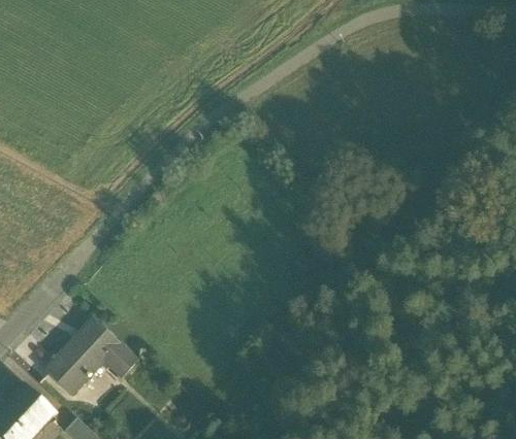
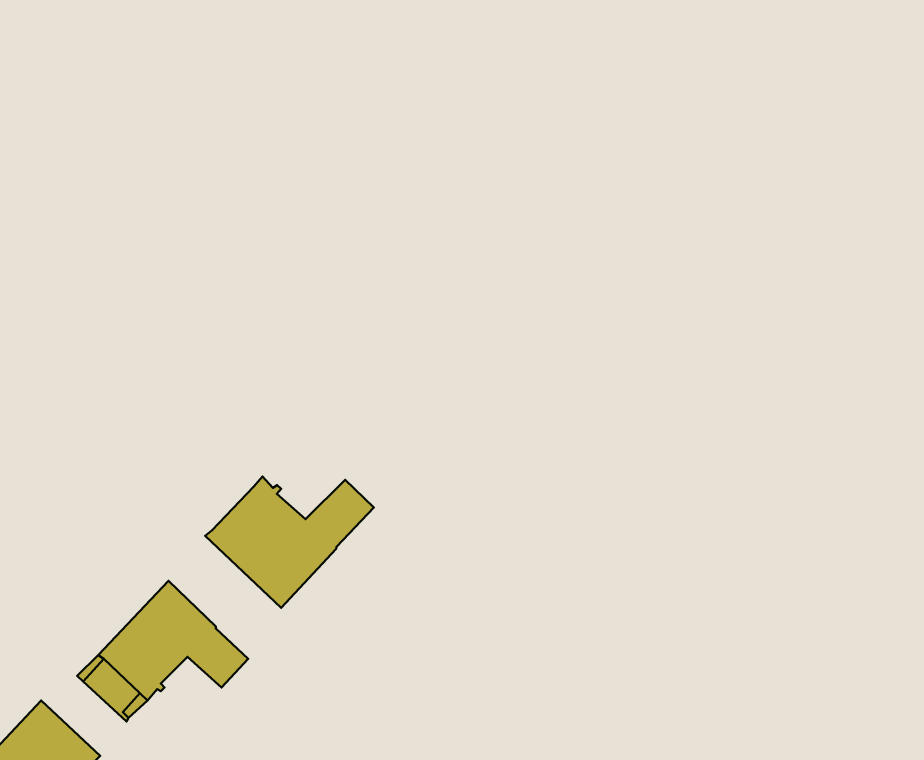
building: none -> [205,477,374,608]

